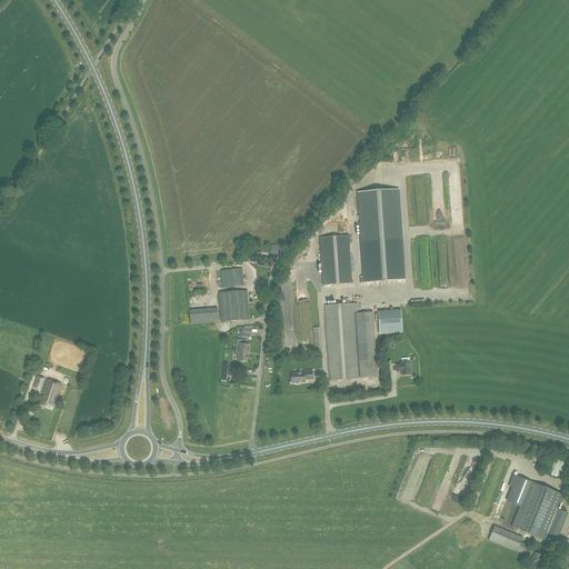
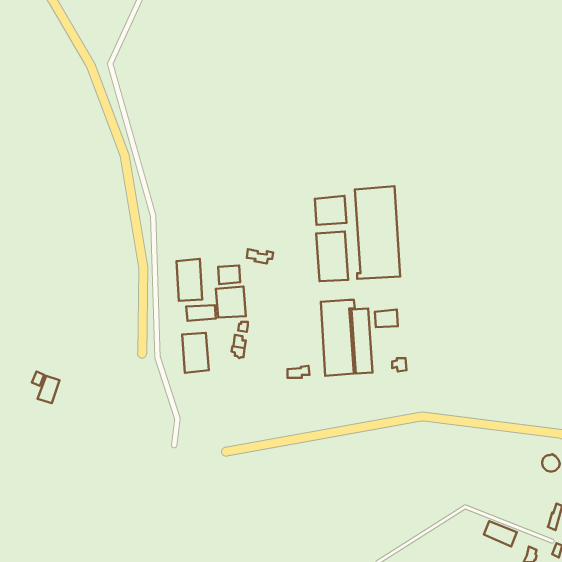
building: none -> [315,196,346,225]
building: none -> [176,259,202,301]
building: none -> [182,333,209,373]
building: [506,472,561,538] -> none

